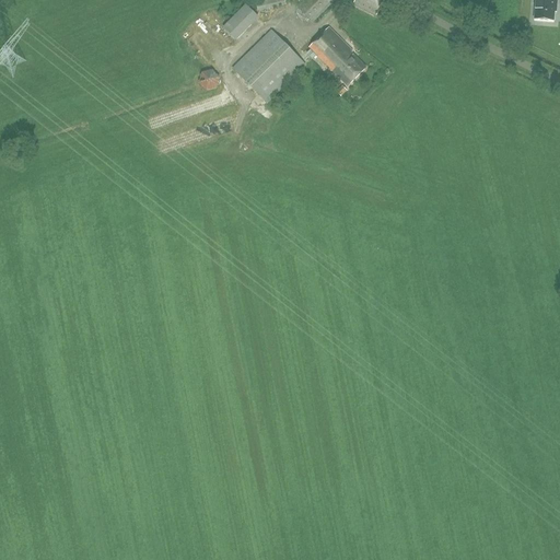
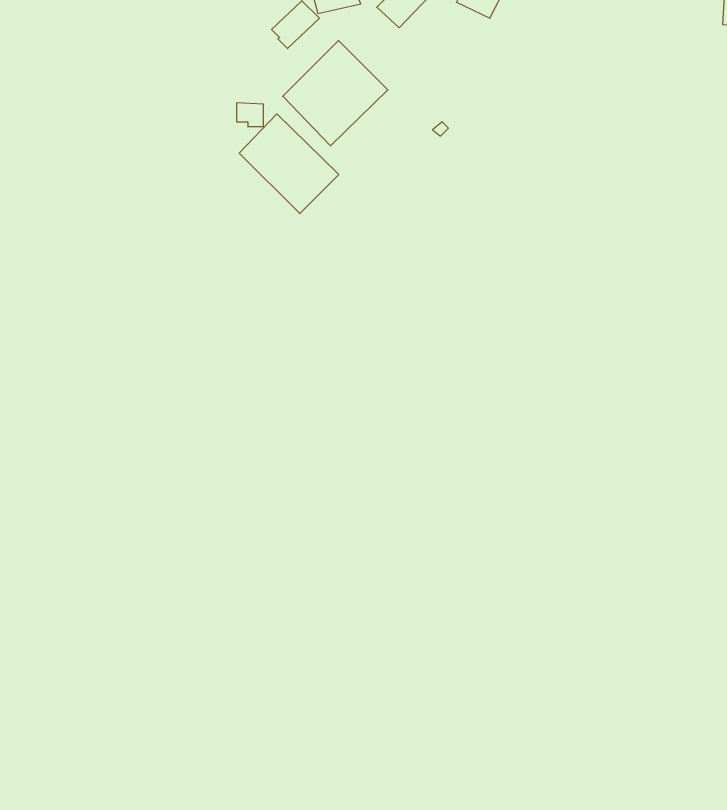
building: [307,25,365,84] -> none
building: none -> [239,114,339,214]

